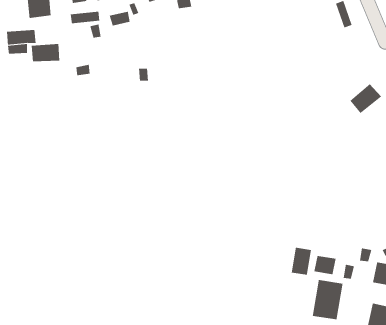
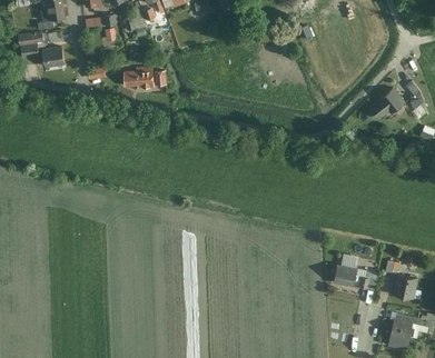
building: none -> [123,69,152,90]
building: [291,247,311,276] -> none
building: [312,279,343,320] -> none

